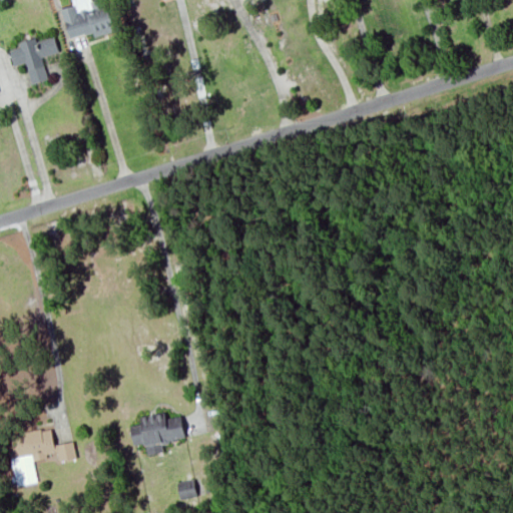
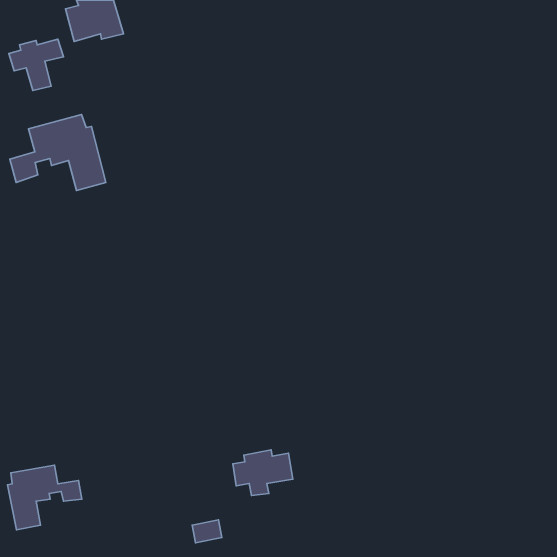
building: none -> [10,114,106,190]
building: [129,413,184,455] -> [233,450,293,496]

